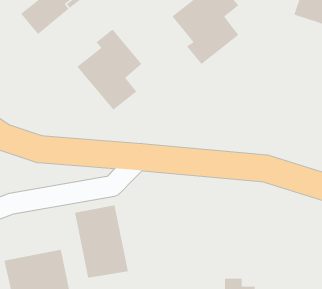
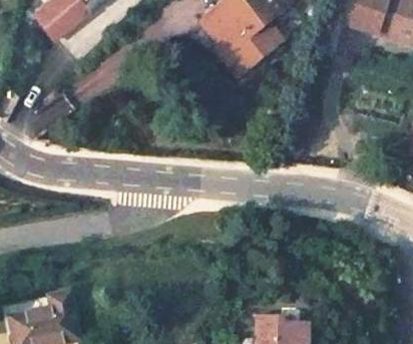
building: [77,28,142,111] -> none
building: [74,204,128,278] -> none

